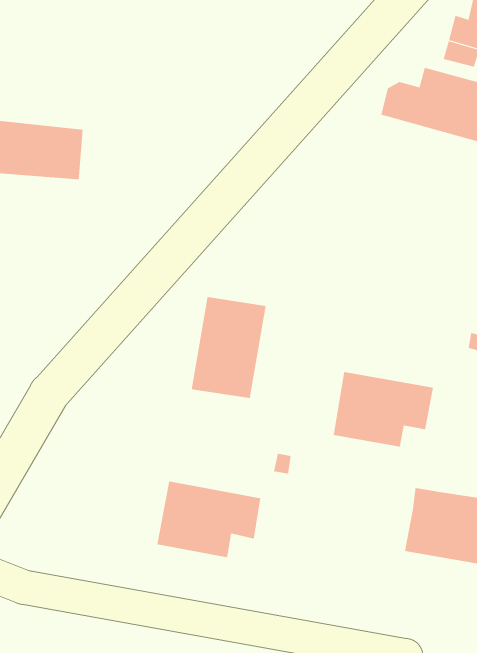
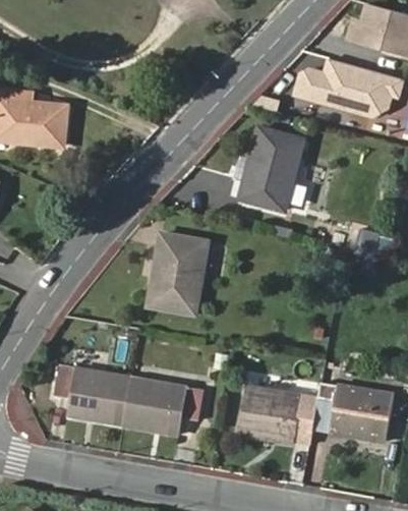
building: none -> [241,129,302,210]
building: [333,371,434,447] -> [242,386,319,444]
building: none -> [55,364,132,425]

